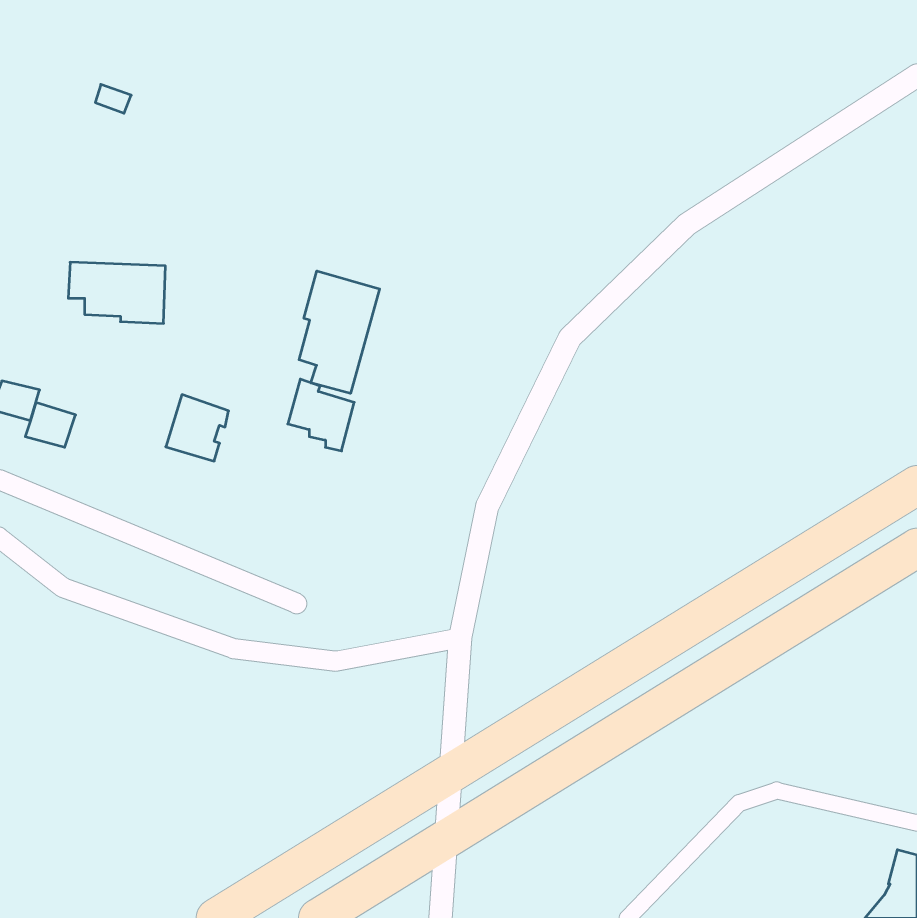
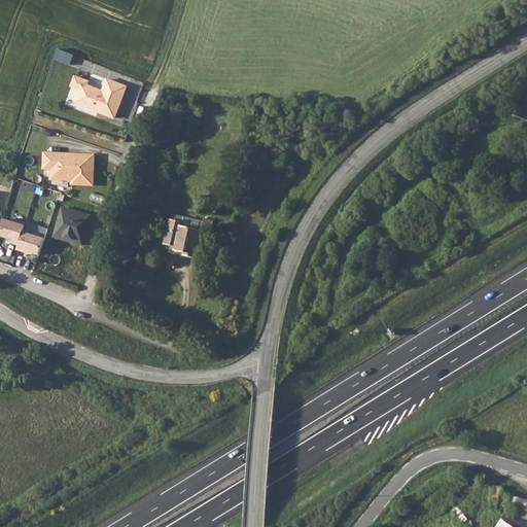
building: none -> [68,75,125,117]
building: [299,271,380,393] -> none
building: [166,395,229,461] -> [54,208,90,246]

